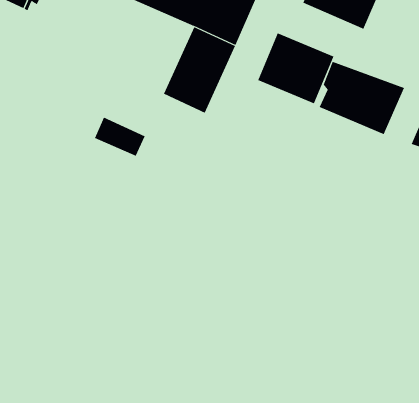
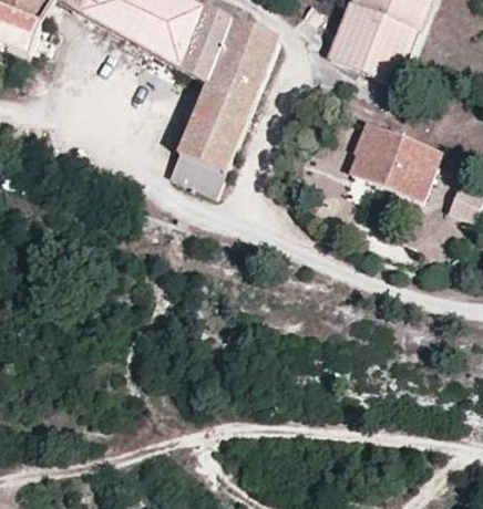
building: [257,32,334,104] -> none
building: [94,117,146,157] -> [168,152,224,195]

